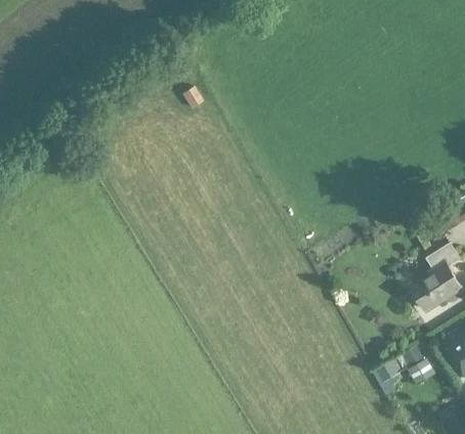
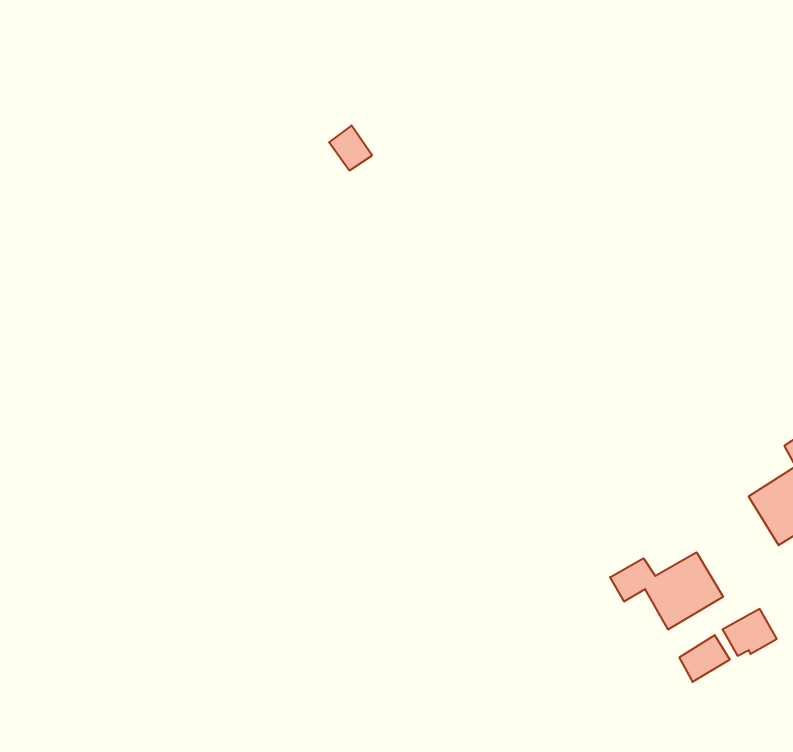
building: none -> [610,552,723,630]

